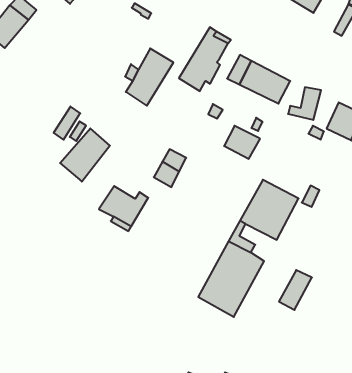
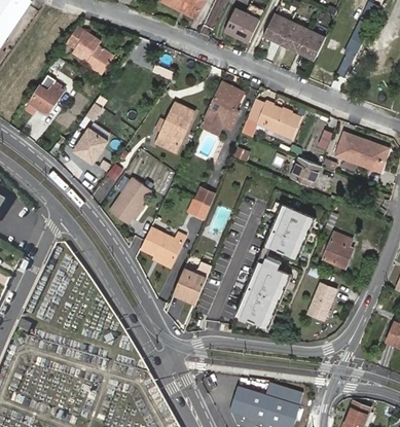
building: none -> [74,129,106,164]
building: [224,126,260,159] -> [290,157,321,185]
building: none -> [322,232,351,269]
building: none -> [174,263,211,304]

